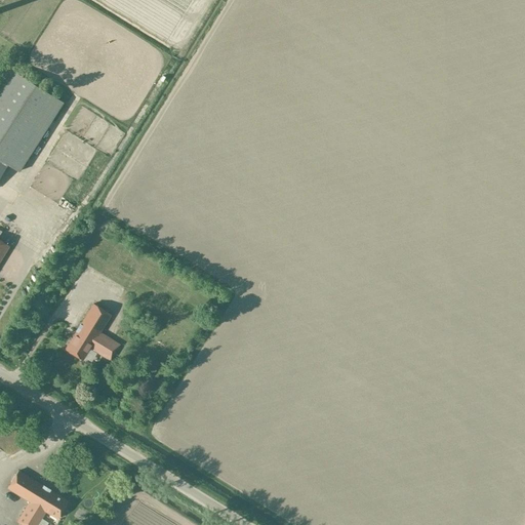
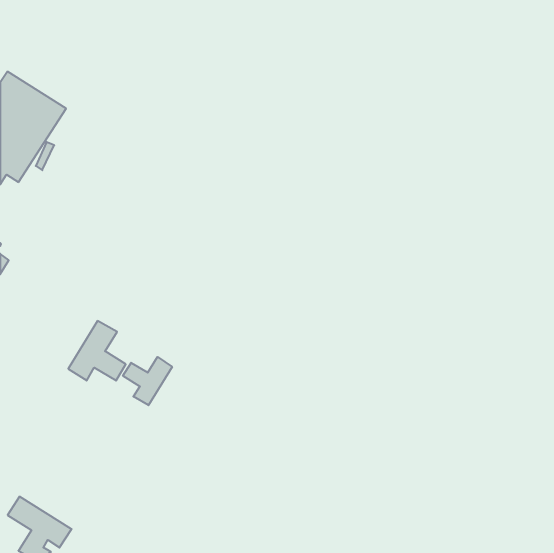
building: none -> [123,357,172,405]

